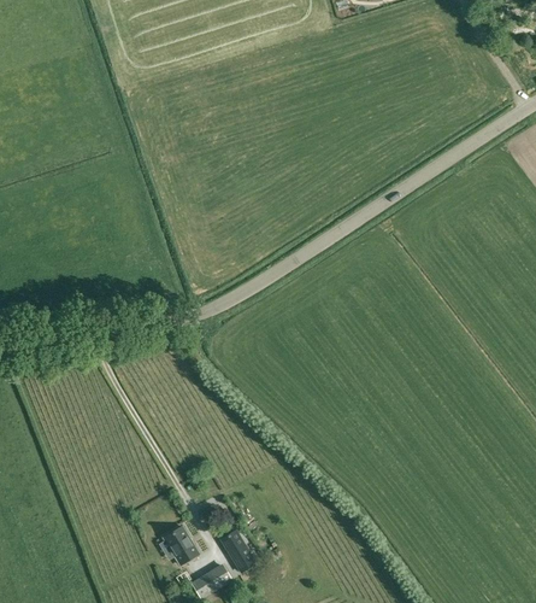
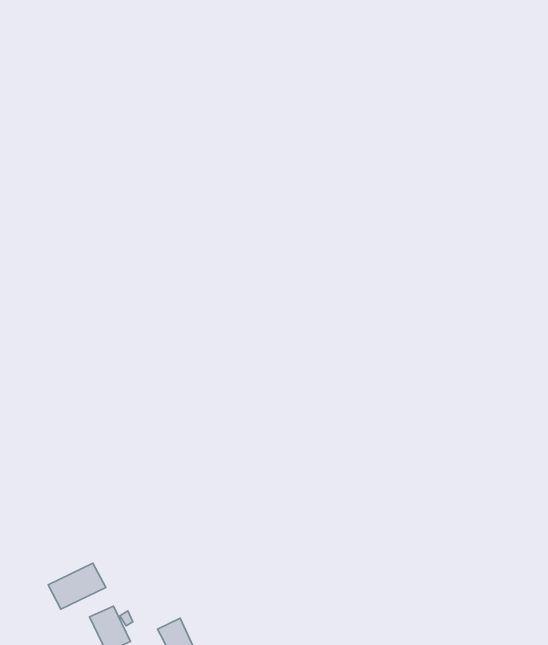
building: none -> [48,563,106,609]

